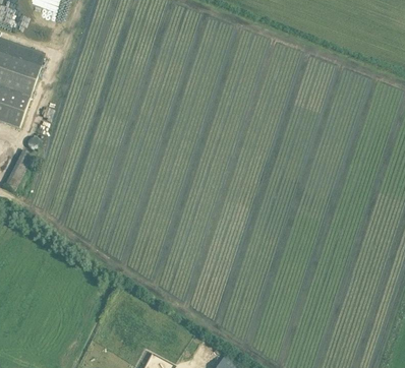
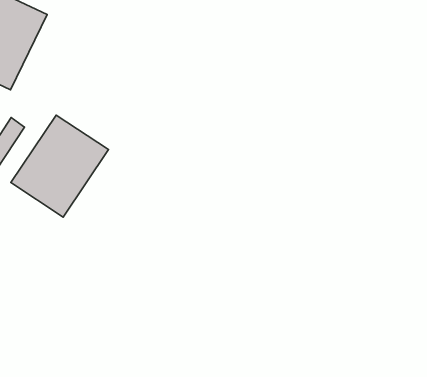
building: none -> [11,115,109,217]

